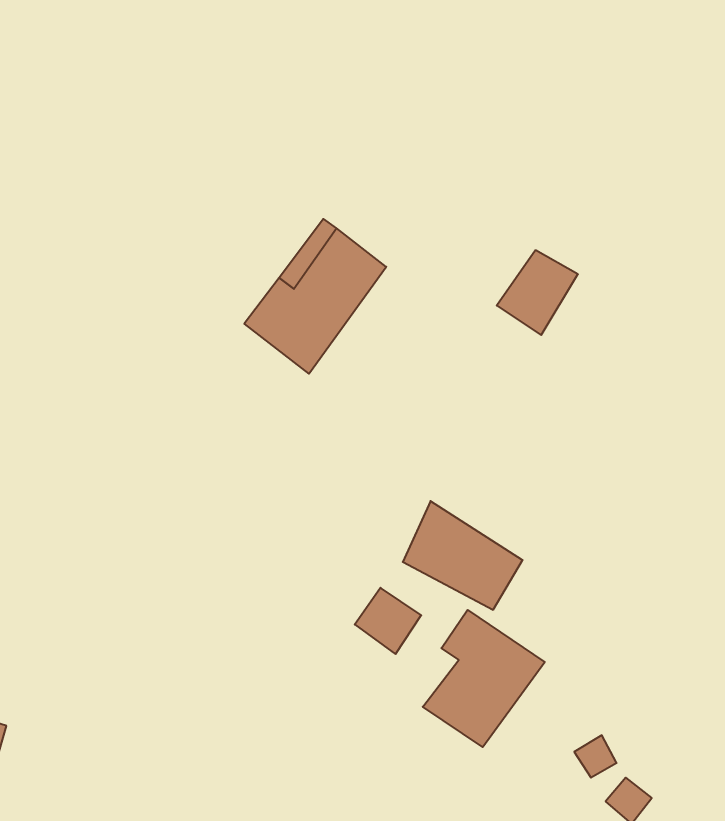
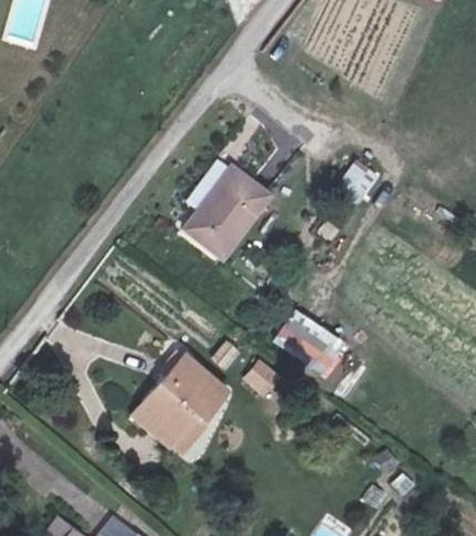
building: none -> [133,351,226,445]
building: [423,610,545,747] -> none

